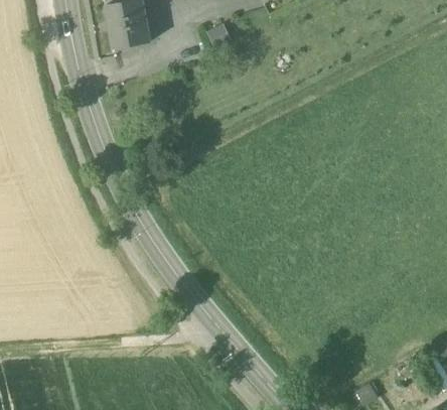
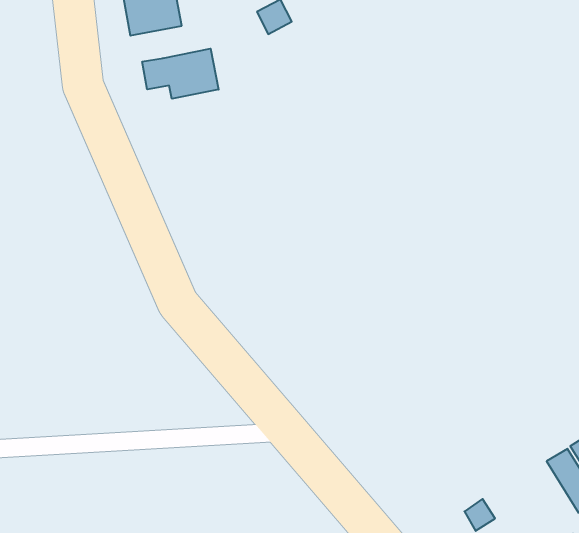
building: none -> [142,49,219,99]

